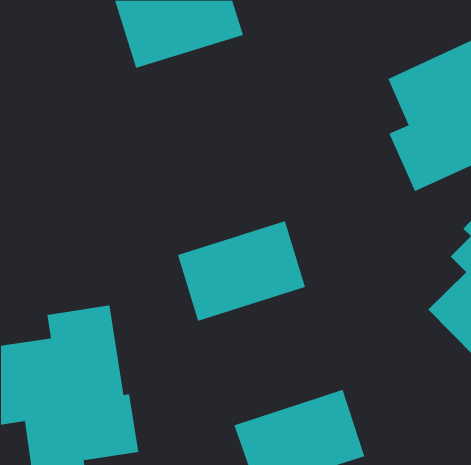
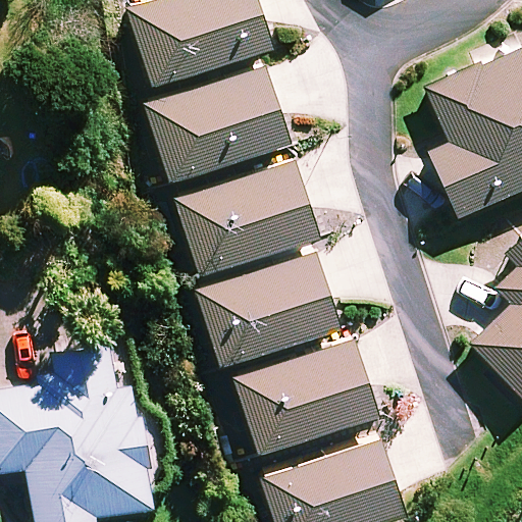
building: none -> [146,67,290,179]
building: none -> [176,161,318,272]
building: none -> [234,338,377,452]

